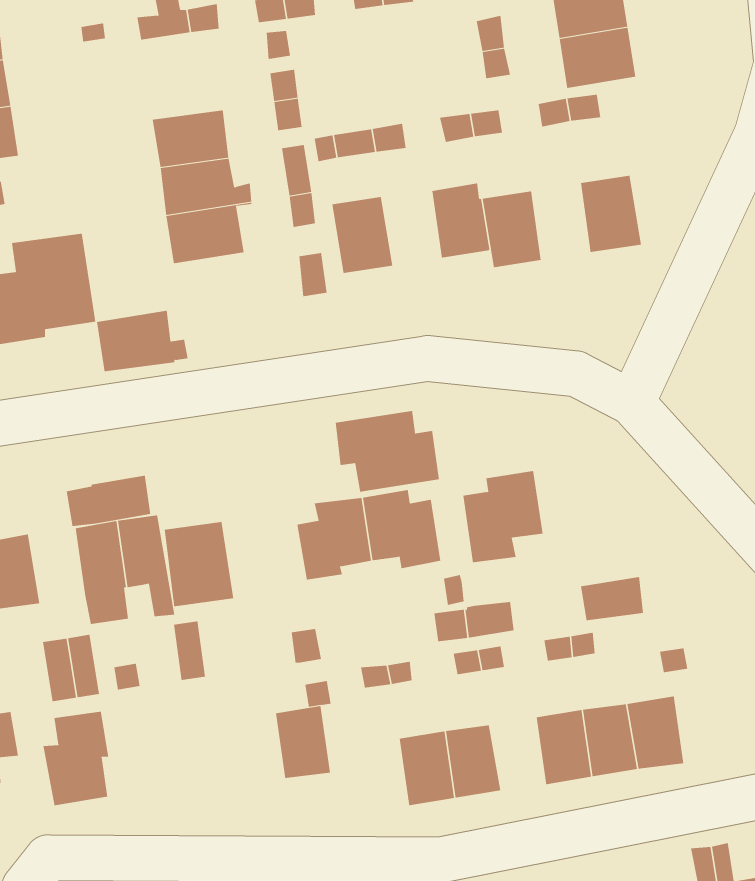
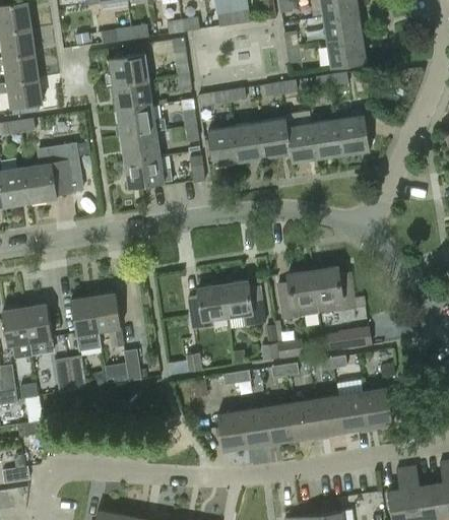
building: none -> [108,54,149,85]
building: none -> [312,119,342,159]
building: none -> [233,123,264,162]
building: [96,310,189,372] -> [123,155,172,188]
building: [335,410,440,492] -> none
building: none -> [313,267,356,313]
building: [66,475,151,527] -> none
building: [164,521,234,607] -> none
building: [275,705,331,779] -> [217,411,247,450]
building: [43,711,109,806] -> none
building: none -> [290,400,319,439]

